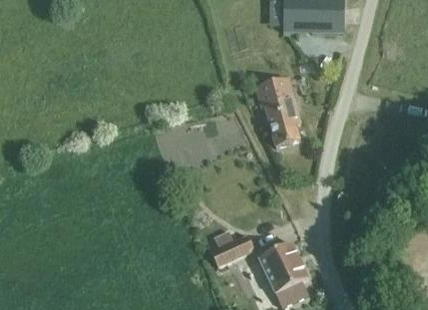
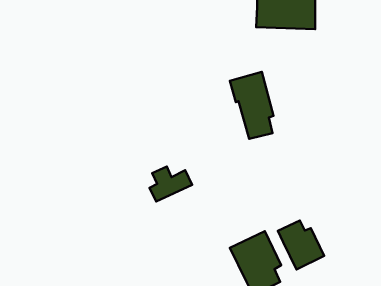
building: [208,230,253,266] -> [149,166,192,201]
building: none -> [278,221,324,269]

